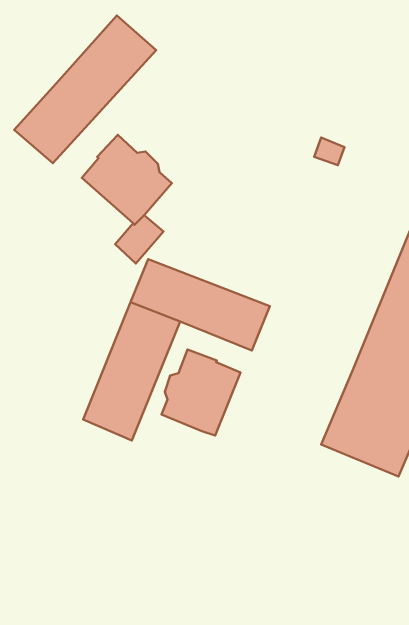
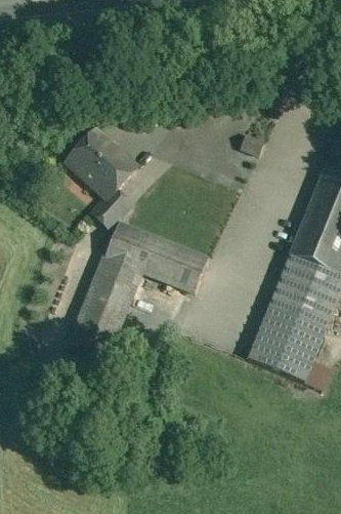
building: [14,15,156,163] -> none
building: [162,349,240,436] -> none

